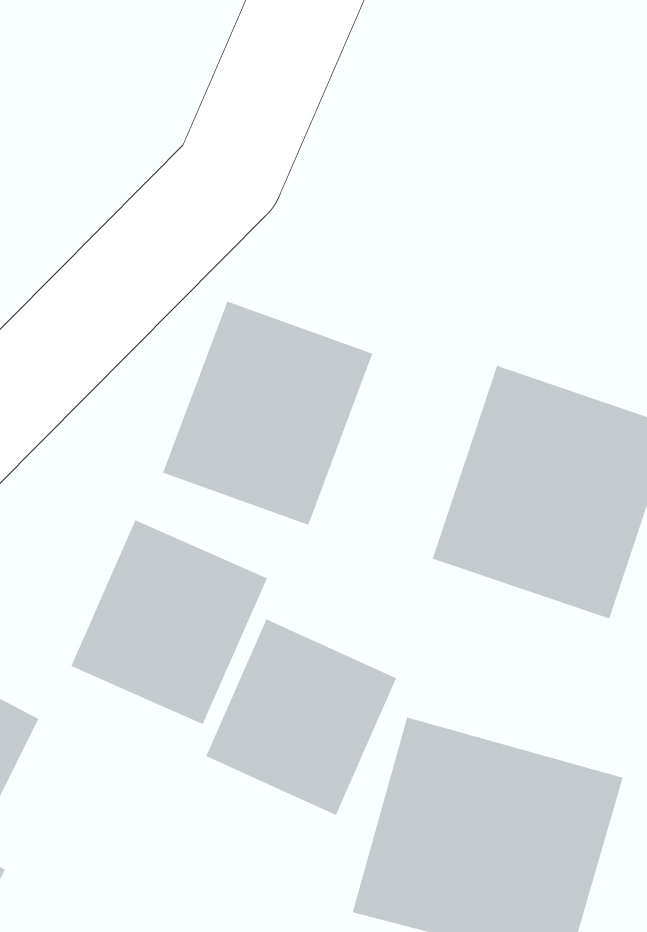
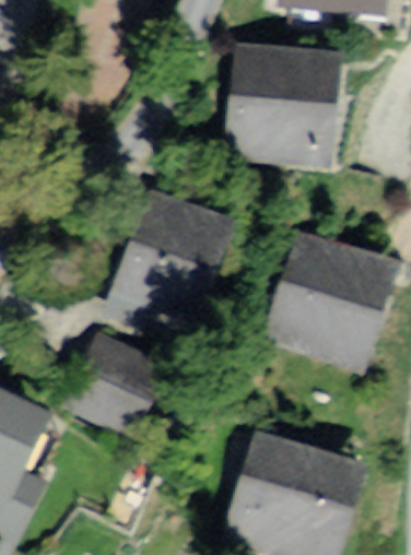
building: none -> [220,47,348,174]
building: [205,619,397,816] -> none

